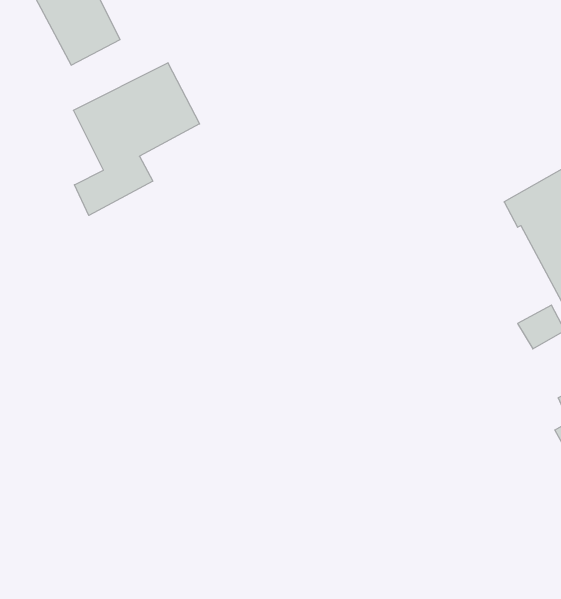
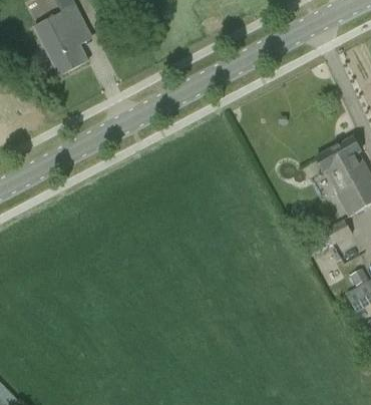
building: [73,63,200,215] -> none

